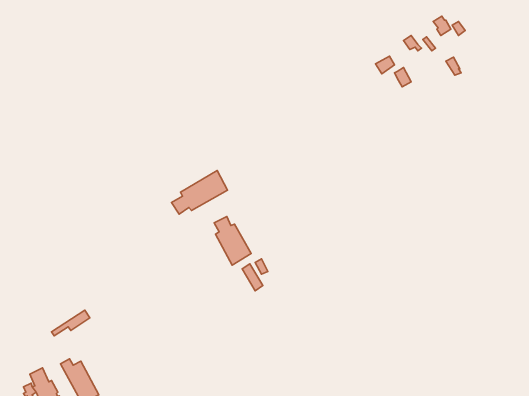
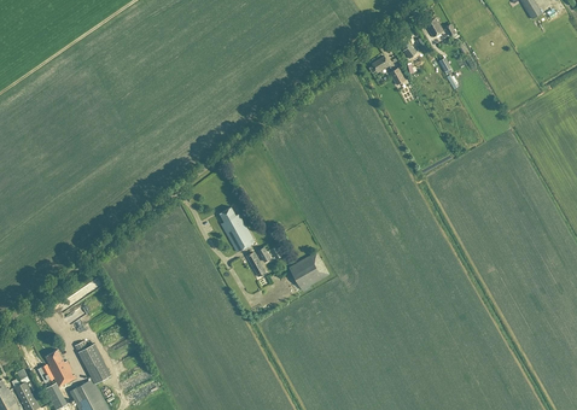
building: [171,171,227,214] -> none
building: none -> [288,252,330,291]

